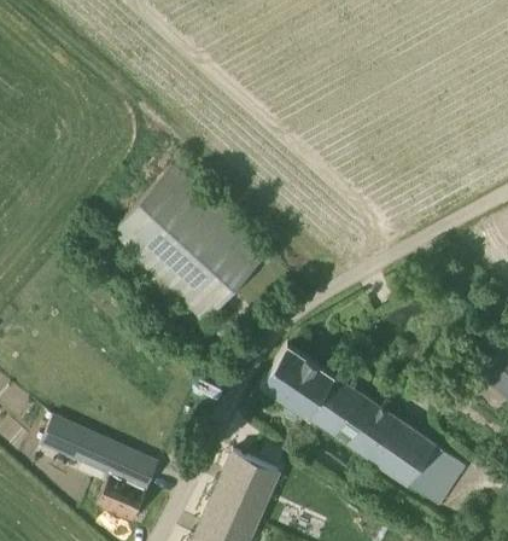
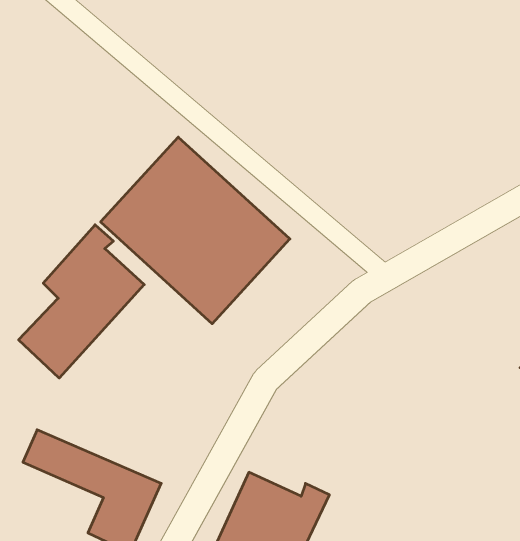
building: none -> [19,225,144,378]
building: [261,343,456,504] -> none

